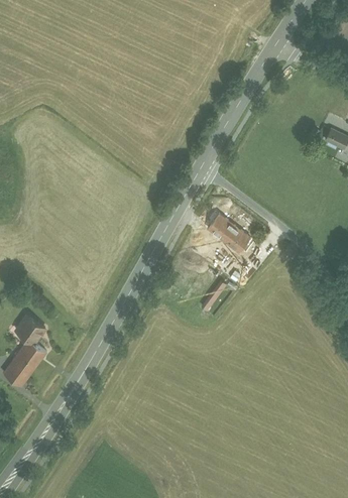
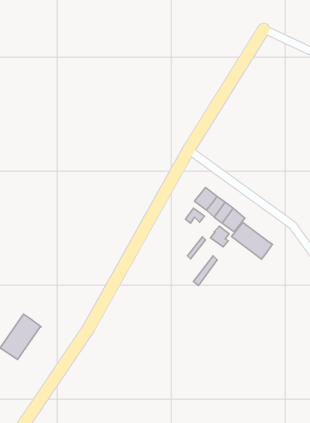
building: none -> [231,222,273,259]
building: [15,315,44,343] -> none

